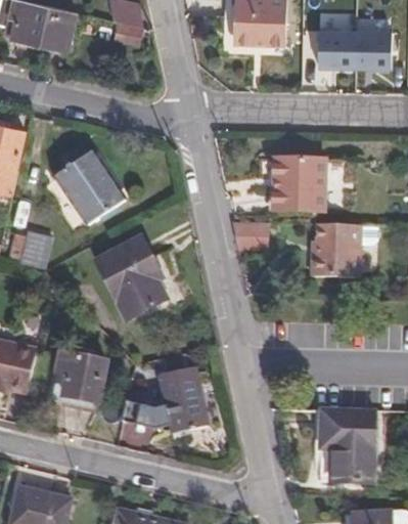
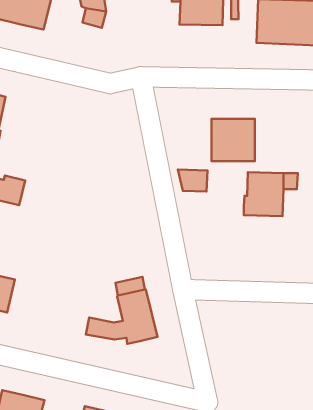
building: [53,149,120,221] -> none
building: [95,237,166,321] -> none
building: [46,346,102,405] -> none
building: [318,416,374,481] -> none

